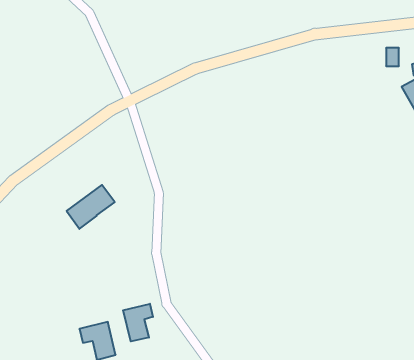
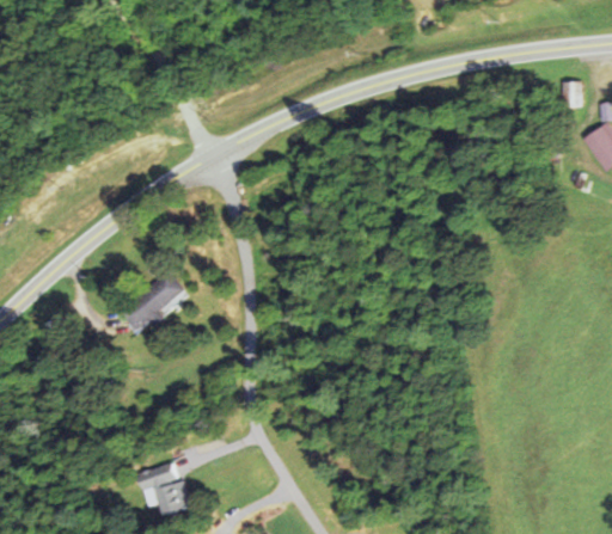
building: [123,304,153,341] -> none

